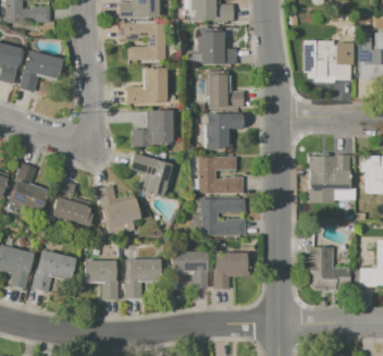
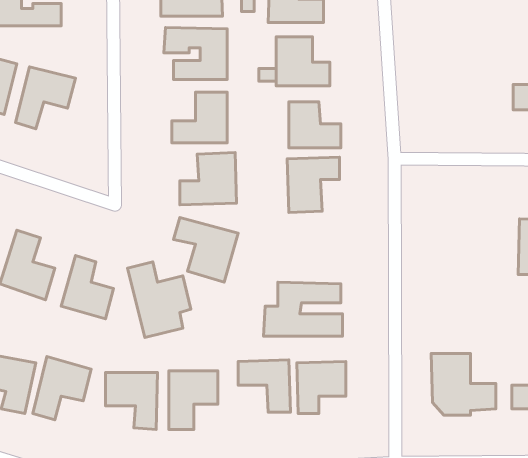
building: [304,39,354,78] -> none
building: [309,155,350,201] -> none
building: [199,157,243,193] -> none

